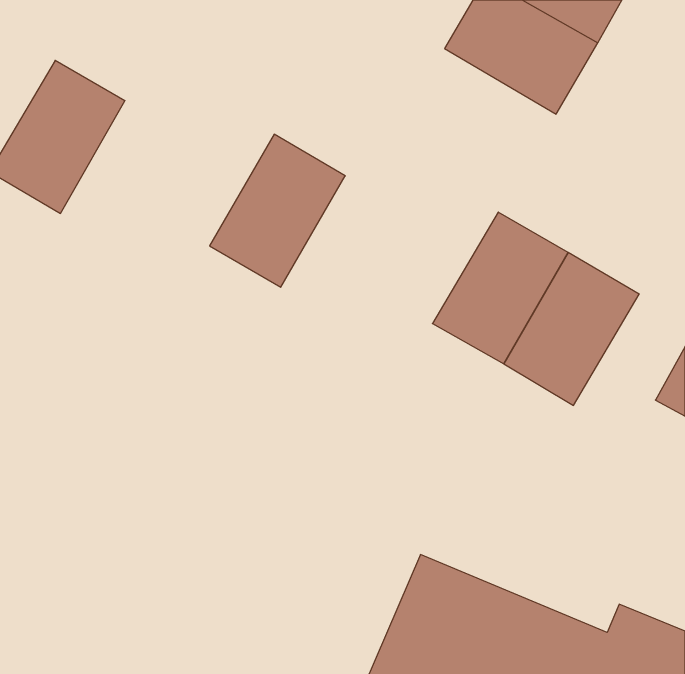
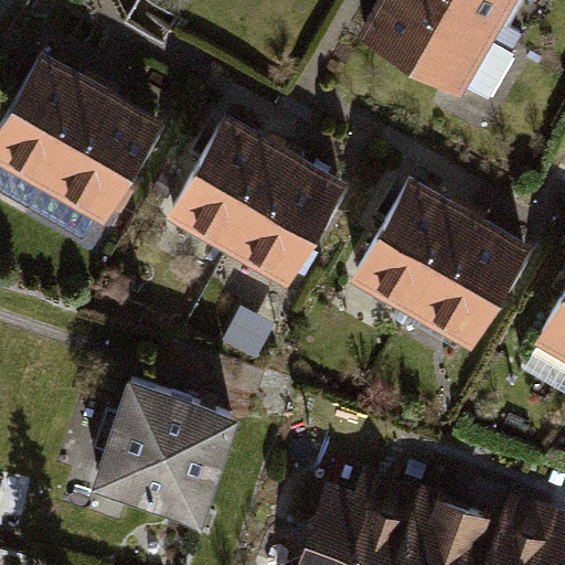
building: none -> [50,93,161,218]
building: none -> [231,154,342,279]
building: none -> [94,383,233,522]

